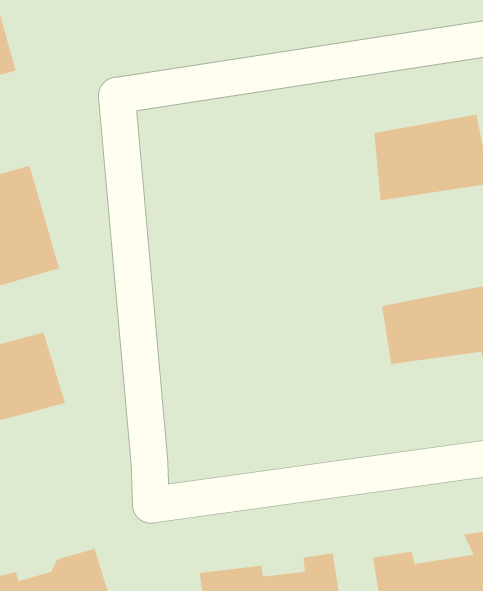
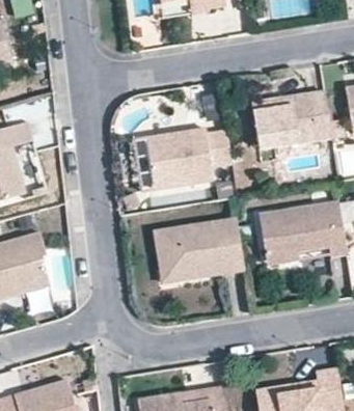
building: none -> [148,130,215,189]
building: none -> [156,220,244,284]

